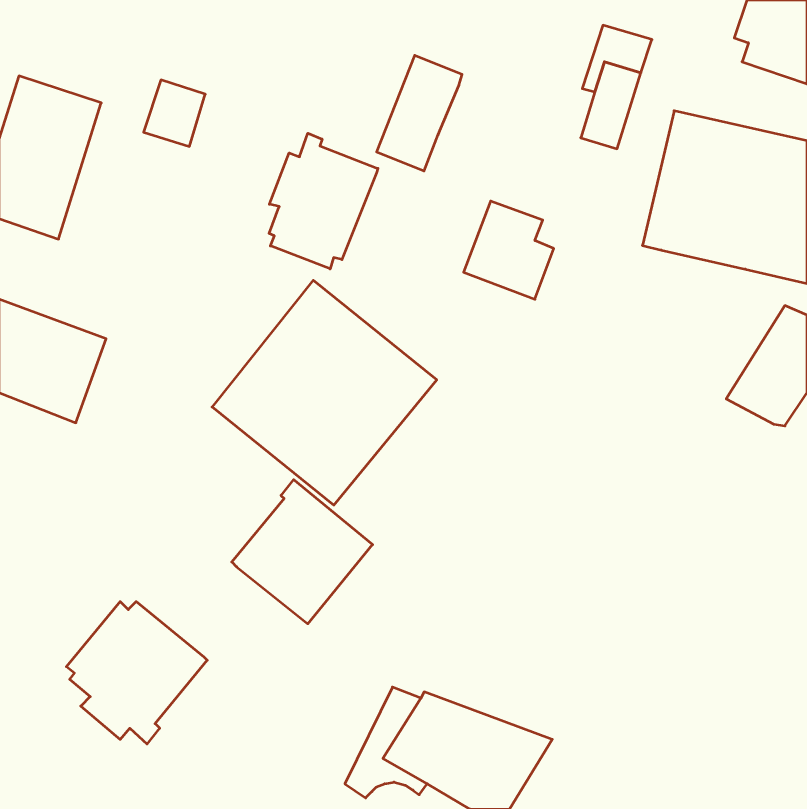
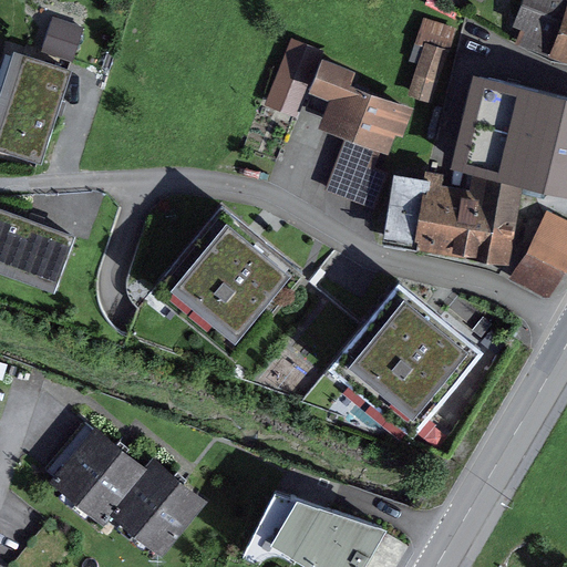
building: [144,80,205,146] -> [40,18,83,64]
building: none -> [307,60,413,156]
building: [269,133,378,269] -> none
building: none -> [381,175,522,267]
building: none -> [301,286,484,443]
building: [232,480,373,624] -> [109,449,207,549]

